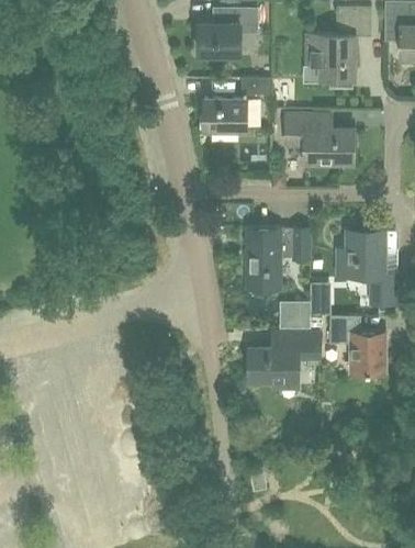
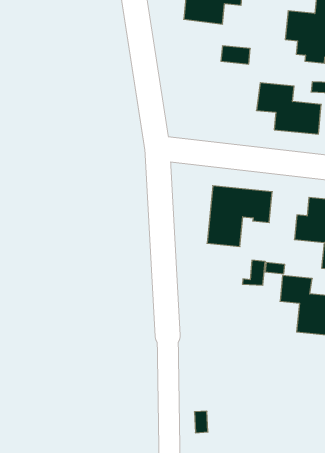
building: [204,100,245,130] -> none
building: [249,334,319,381] -> none

